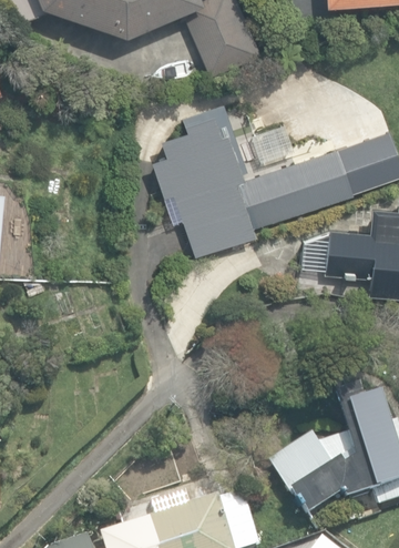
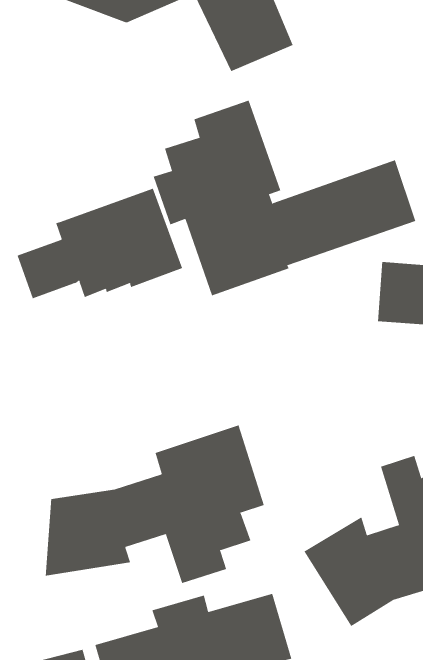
building: none -> [17,188,183,299]
building: none -> [45,424,264,584]

